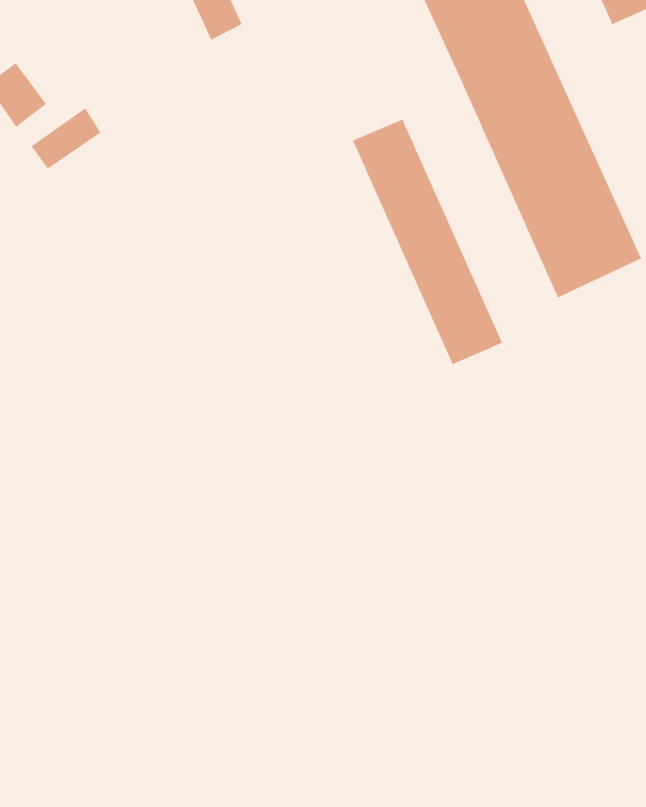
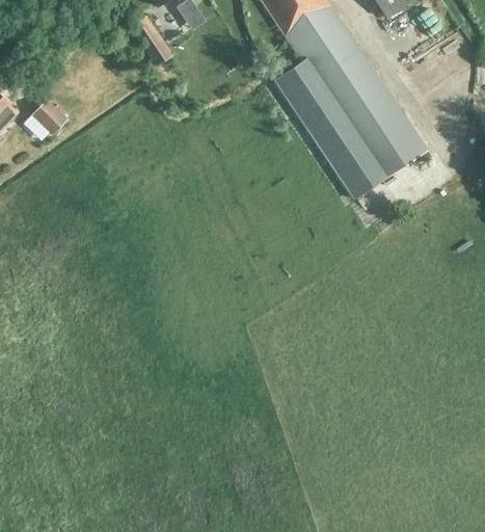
building: [31,108,101,169] -> none
building: [352,119,503,365] -> [275,61,382,198]

